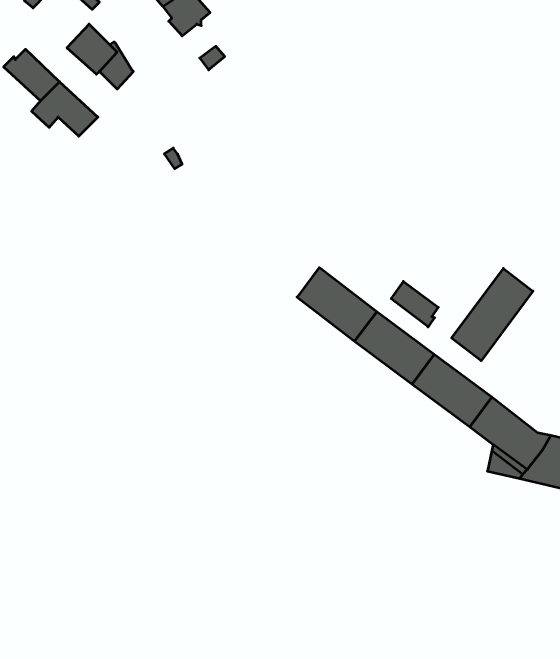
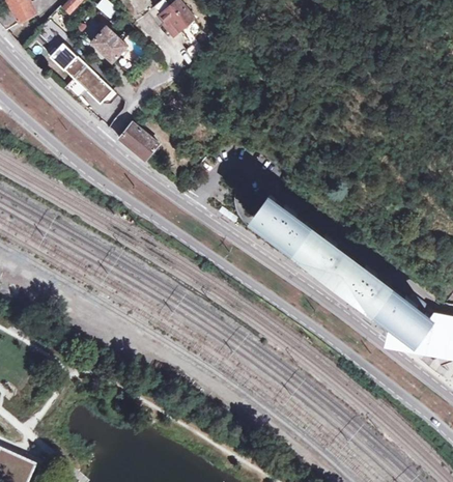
building: none -> [118,121,157,160]
building: [452,268,533,361] -> none
building: [391,281,438,327] -> none

